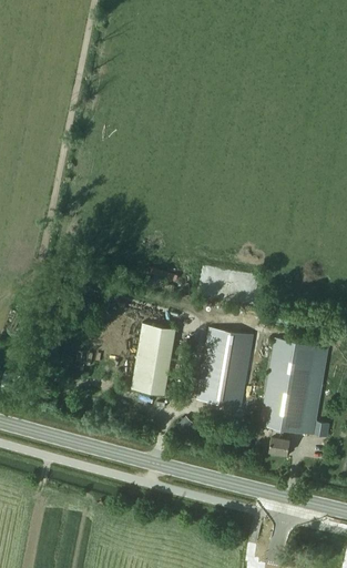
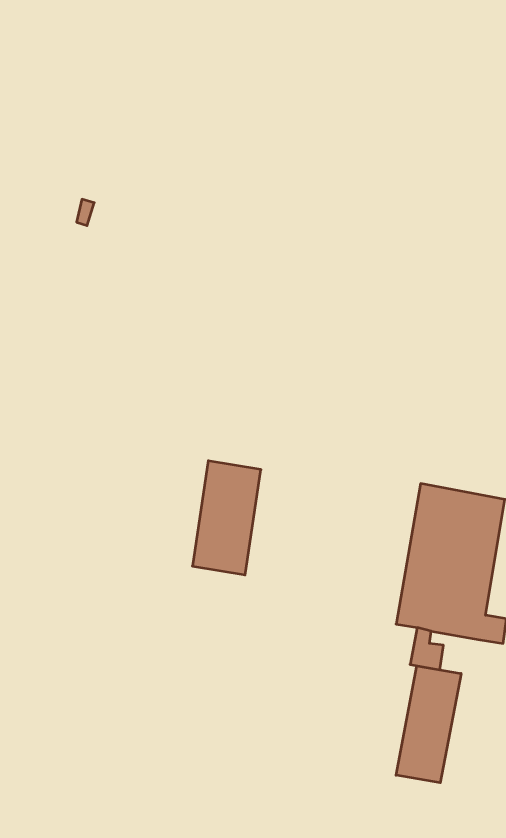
building: [195,328,254,409] -> none
building: none -> [396,666,461,783]

